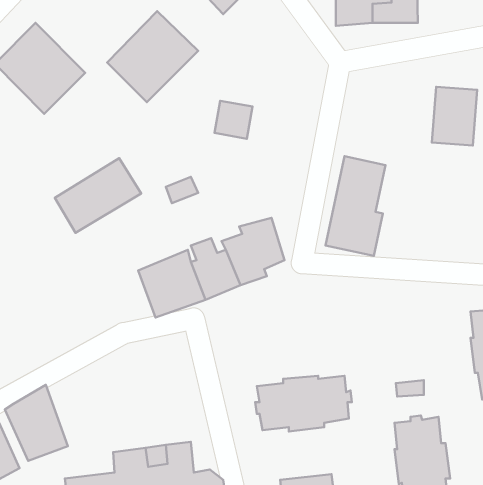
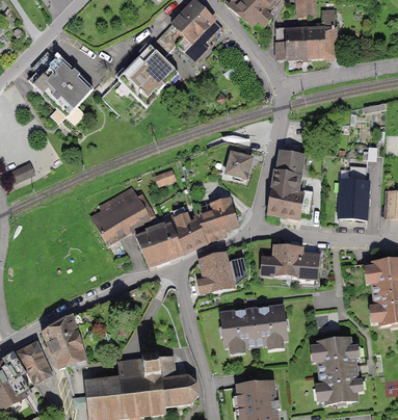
building: [432,87,477,146] -> [340,179,372,220]
building: [214,101,253,139] -> [229,152,256,179]
building: [55,158,141,233] -> [94,189,155,242]
building: none -> [261,244,316,277]
building: none -> [195,251,231,292]

